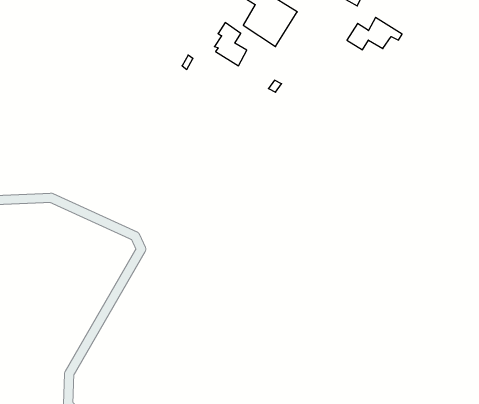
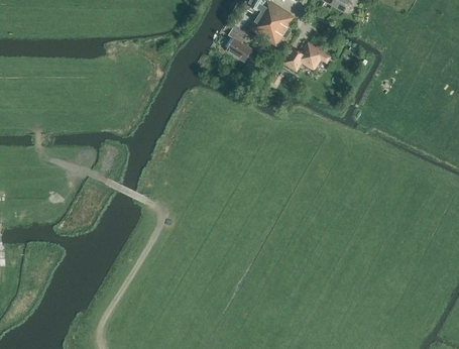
building: [347,17,402,50] -> [284,41,331,69]

